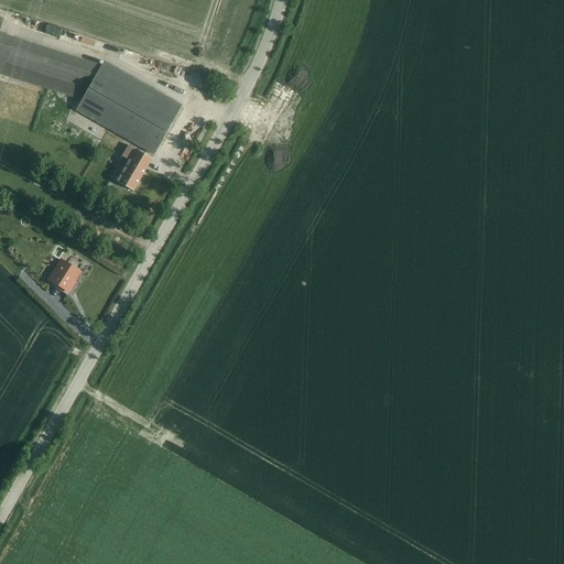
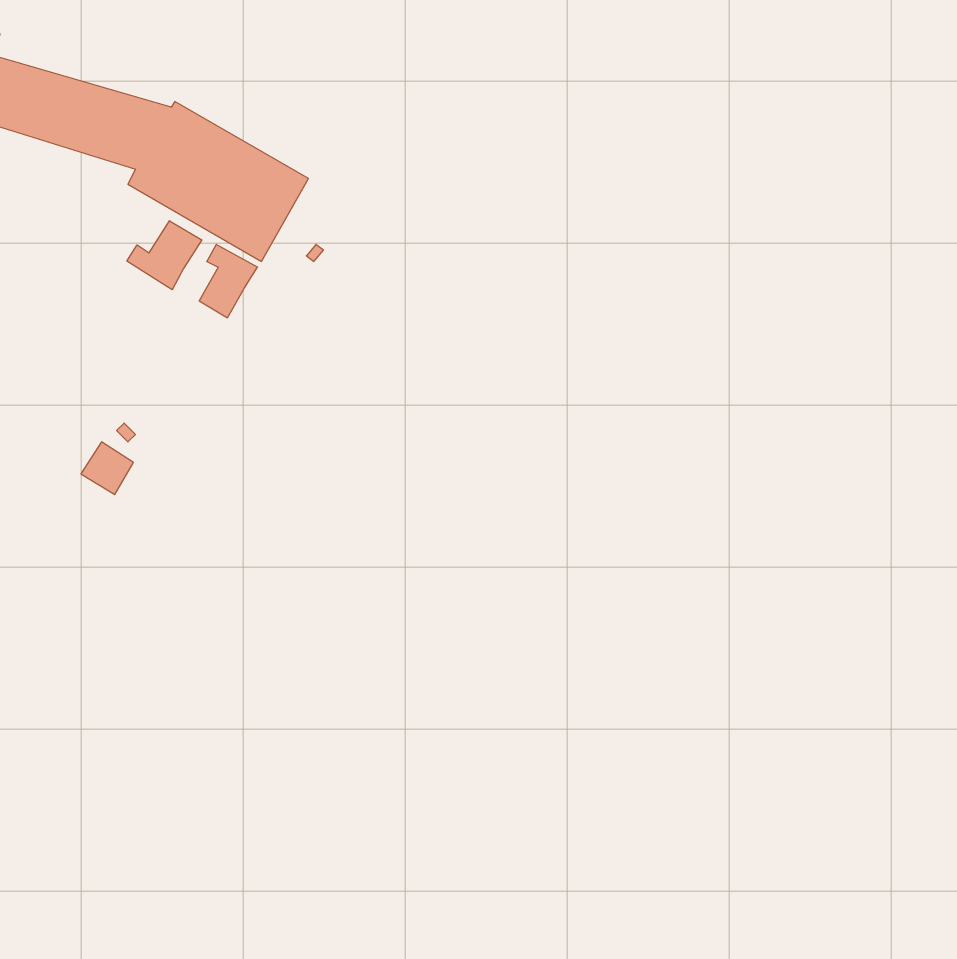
building: none -> [127,221,202,290]

